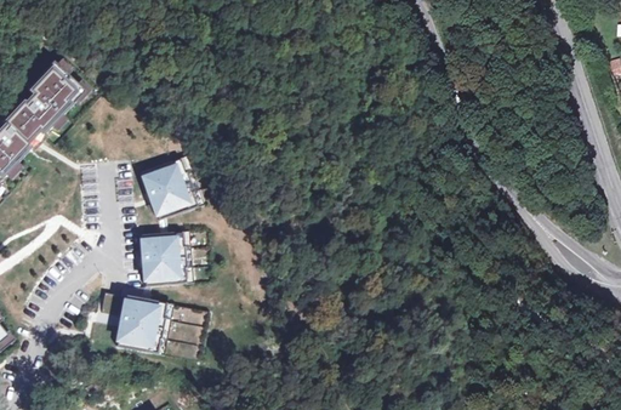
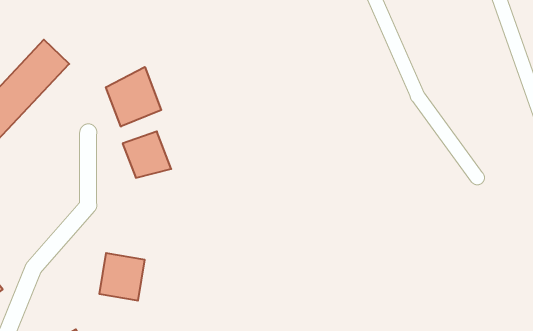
building: none -> [106,67,161,127]
building: [137,237,183,286] -> none

